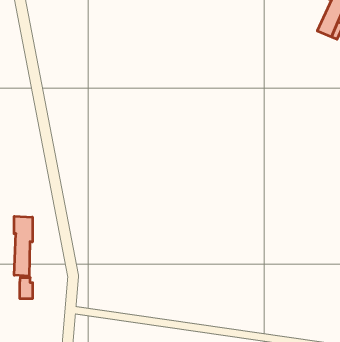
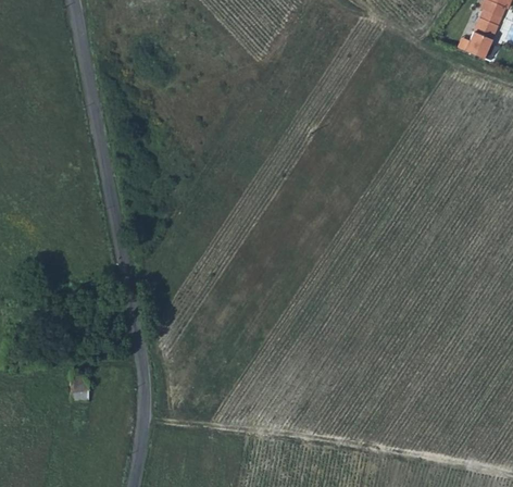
building: [14,216,32,276] -> none

